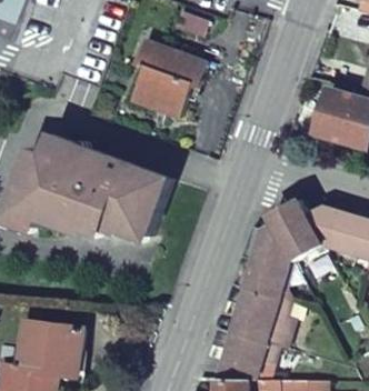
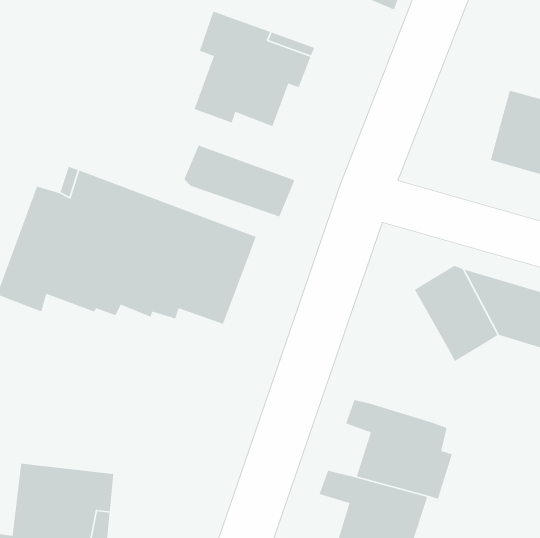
building: none -> [183,144,295,217]
building: [240,214,291,298] -> none

